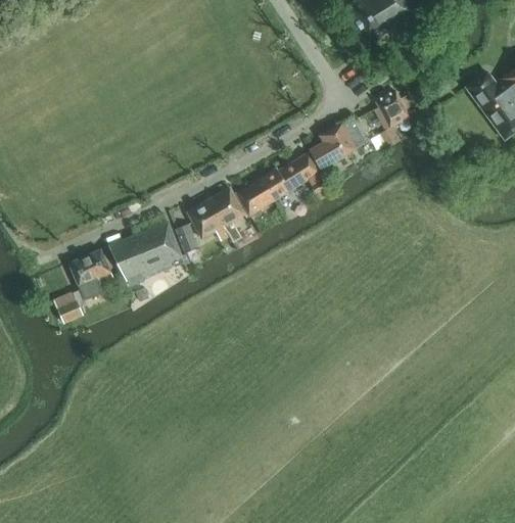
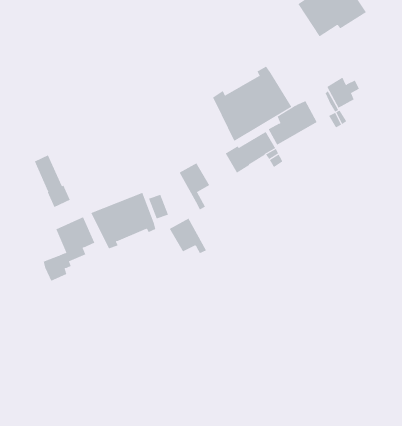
building: none -> [212,66,292,142]
building: [236,177,275,218] -> none
building: none -> [34,154,71,208]
building: [187,198,230,239] -> [169,218,207,254]

